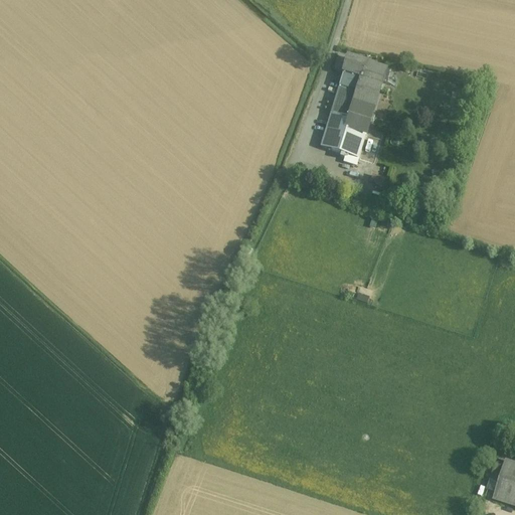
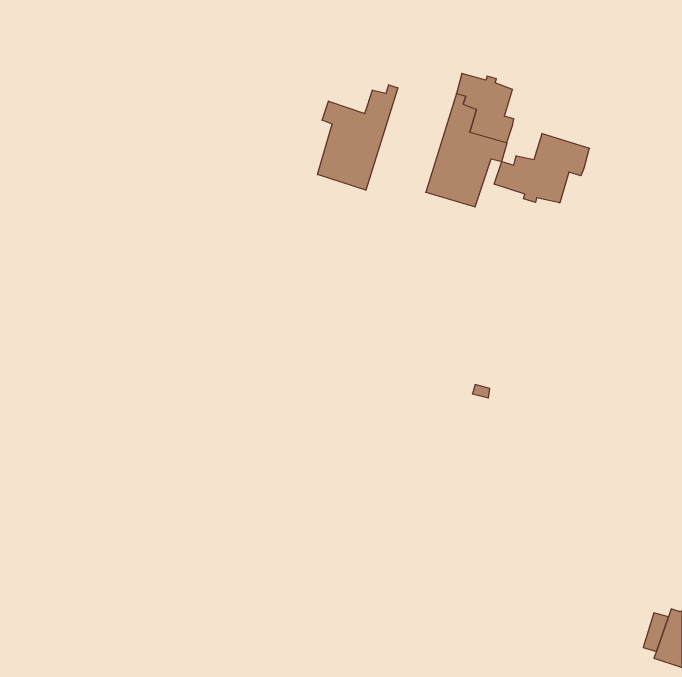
building: none -> [318,85,398,190]
building: none -> [494,133,590,203]

